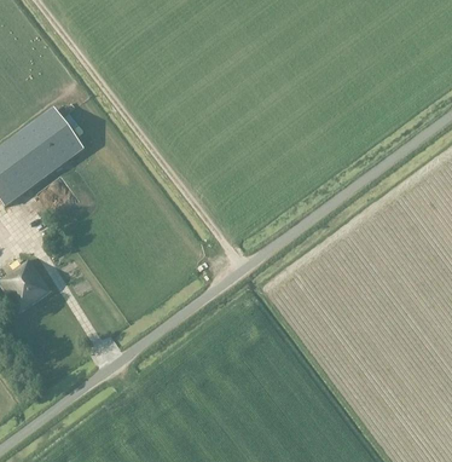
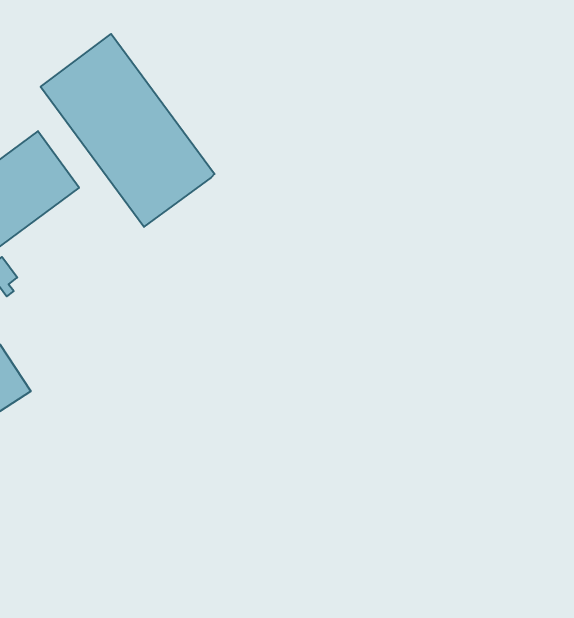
building: none -> [41,34,215,227]

